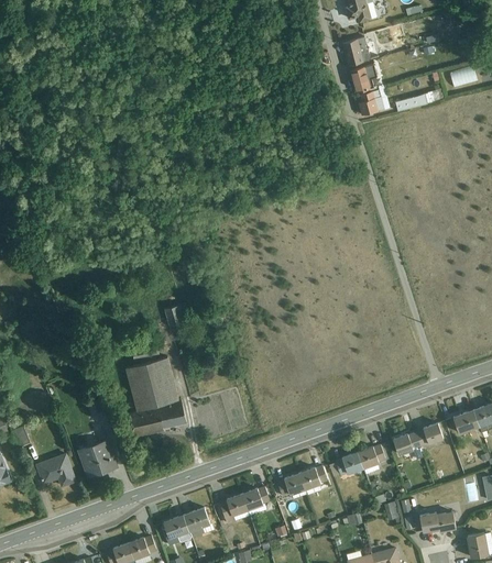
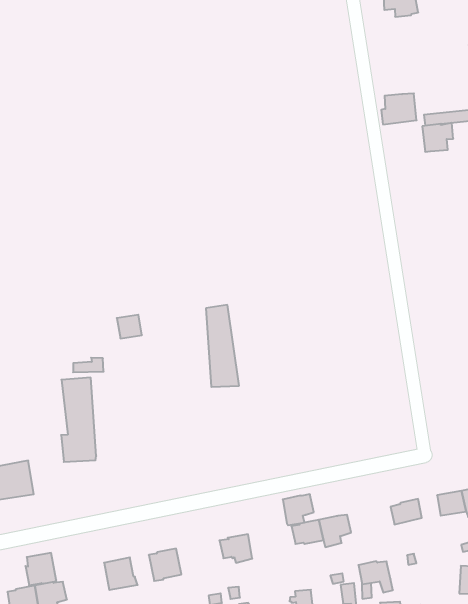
building: [341,37,378,65] -> none
building: [349,64,376,91] -> [422,123,453,152]
building: [149,356,186,427] -> [206,305,239,387]
building: [392,432,424,459] -> [358,561,393,593]
building: [299,465,327,494] -> [283,494,314,525]
building: [241,486,270,515] -> none
building: [163,515,190,544] -> [25,553,56,585]

